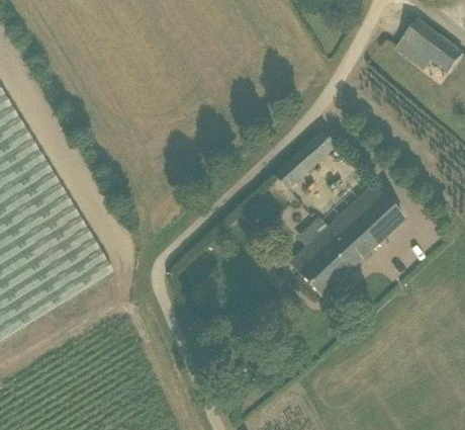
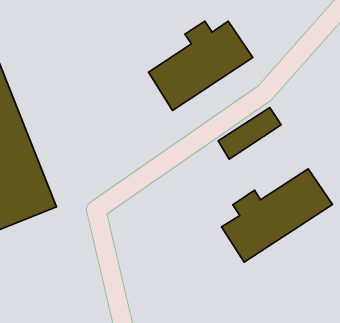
building: none -> [148,21,253,111]

